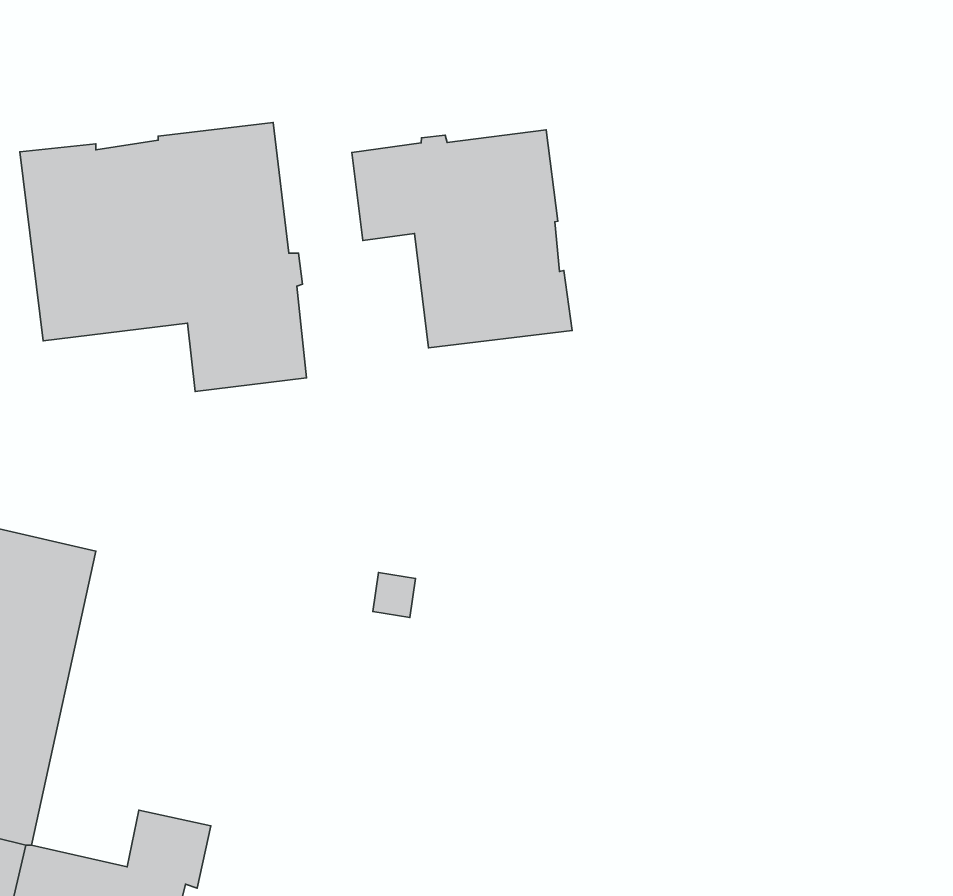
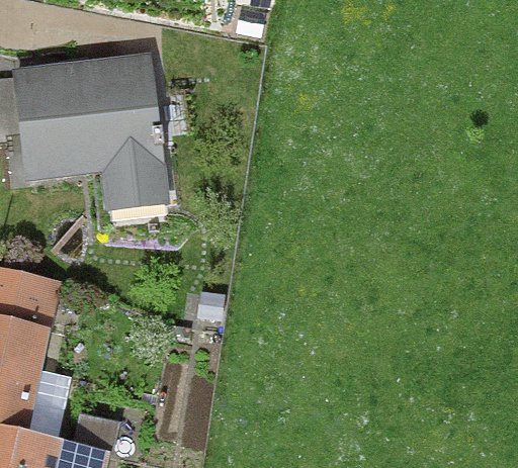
building: [352,130,572,348] -> none

